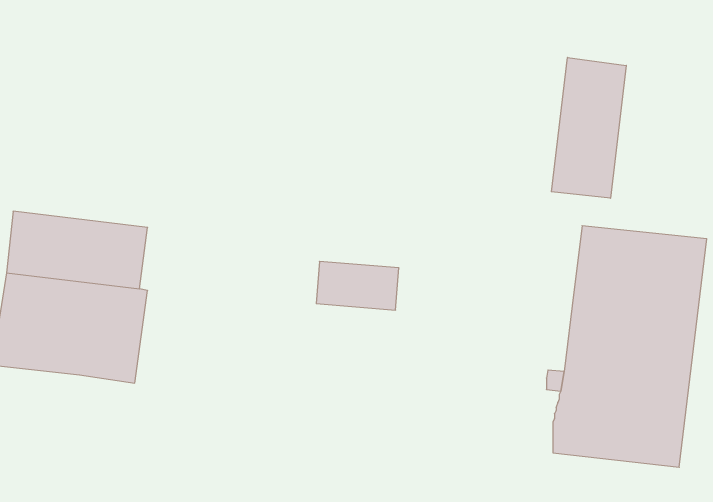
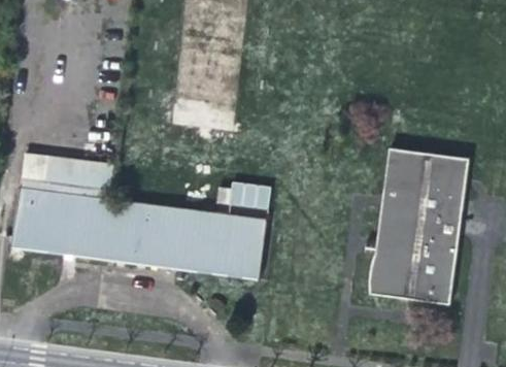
building: [551,57,626,198] -> none
building: none -> [102,199,285,279]

